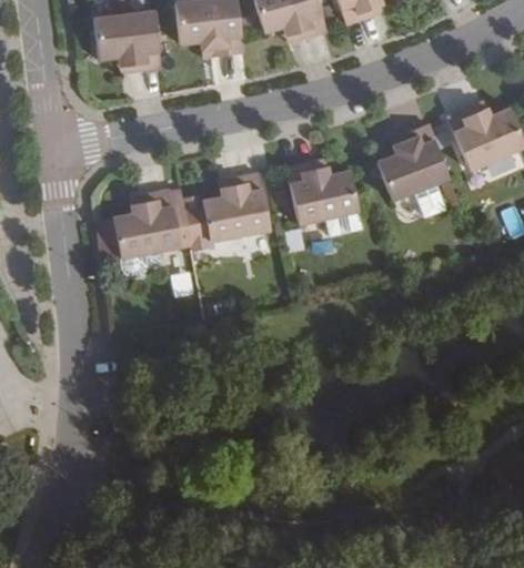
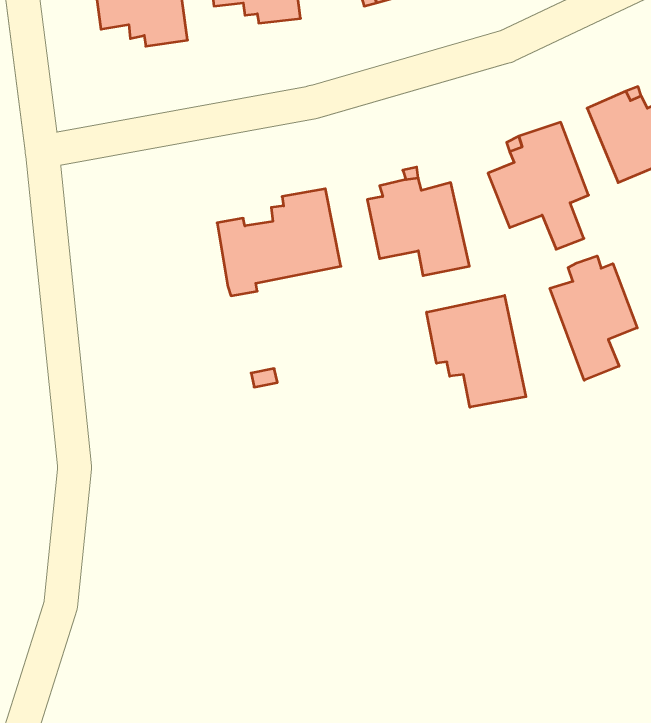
building: [112,190,190,258] -> none
building: none -> [550,256,637,380]
building: none -> [427,295,526,407]

